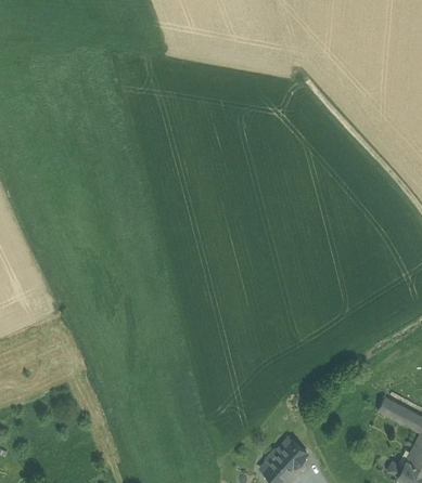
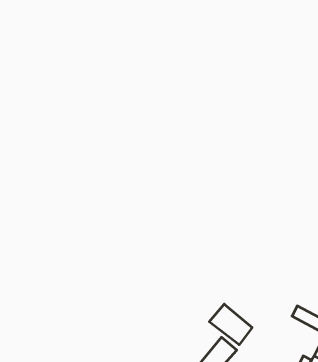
building: none -> [209,304,252,345]

